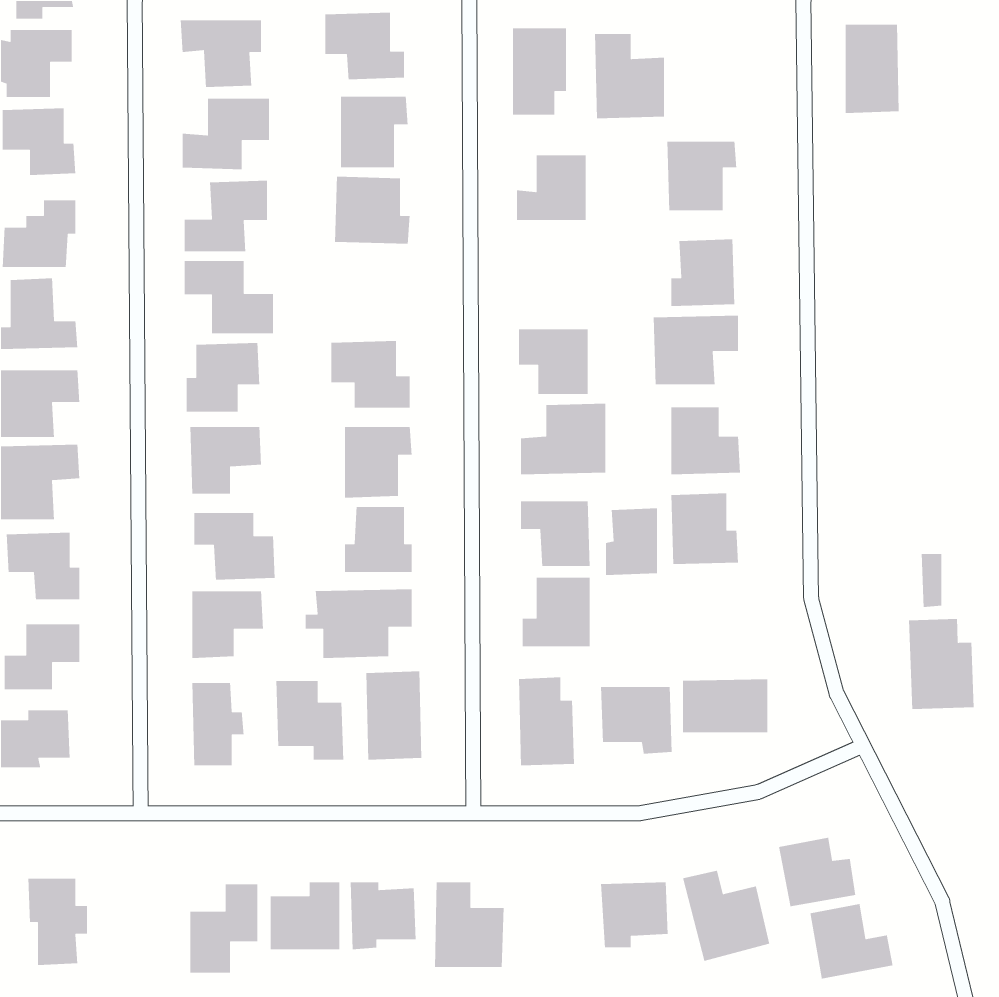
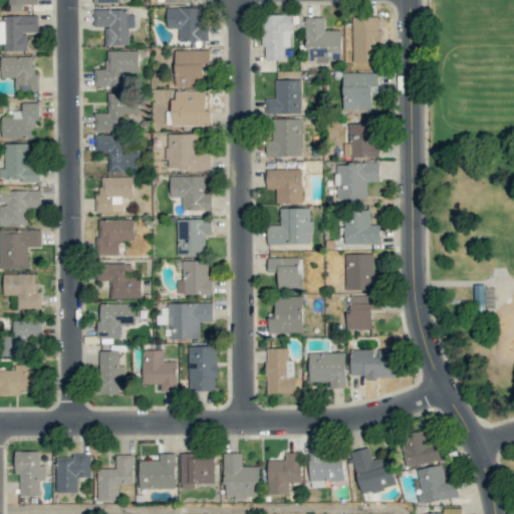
building: [845,24,900,114] -> [352,17,380,63]
building: none -> [268,118,302,158]
building: none -> [167,135,210,171]
building: [605,507,658,576] -> [346,295,373,330]
building: [908,618,974,710] -> none
building: none -> [267,453,301,495]
building: none -> [55,456,91,494]

